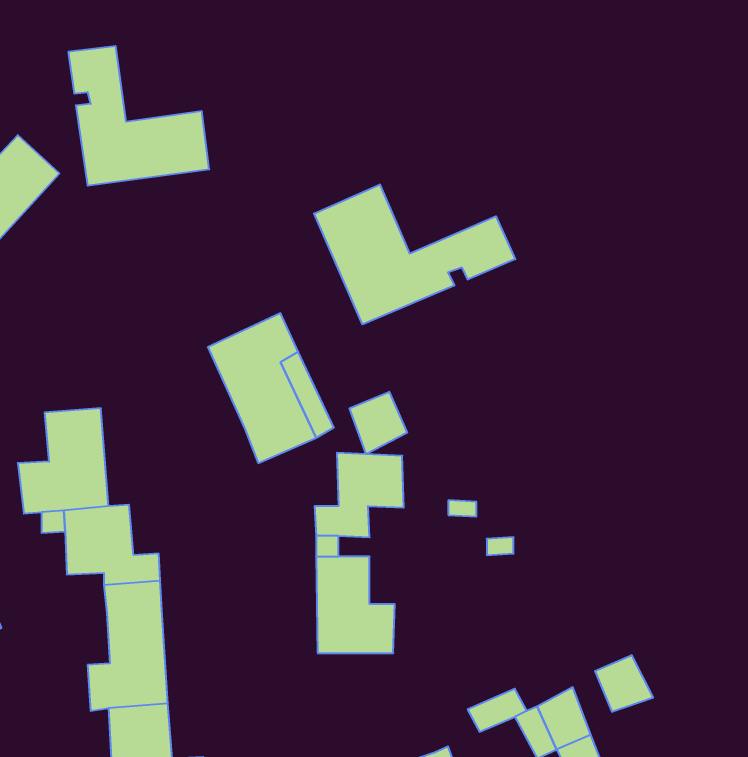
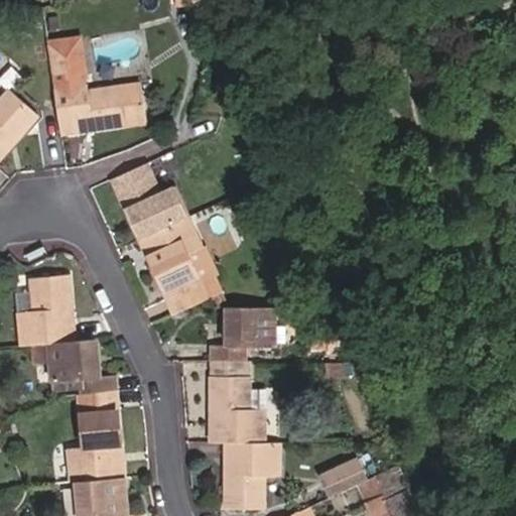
building: [314,184,515,324] -> none
building: none -> [118,162,190,237]
building: [350,392,407,454] -> none
building: none -> [227,444,281,509]
building: [595,655,653,712] -> none

